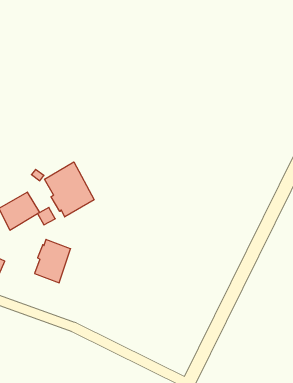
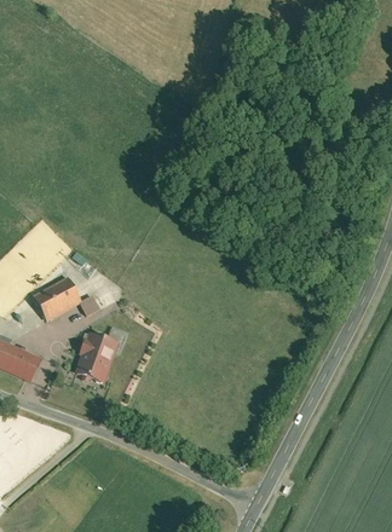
building: [45,162,94,217] -> none

